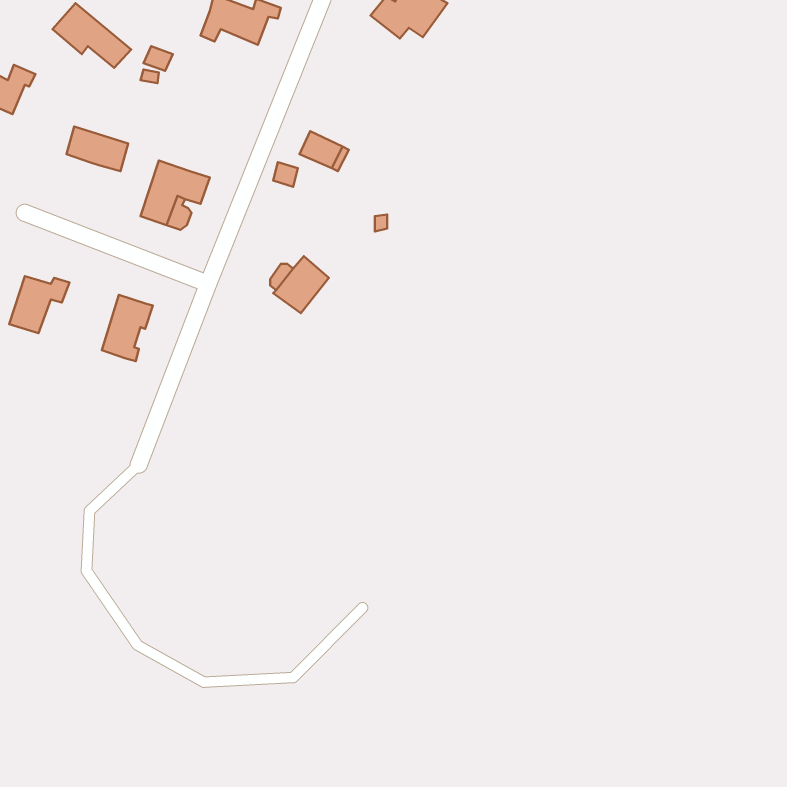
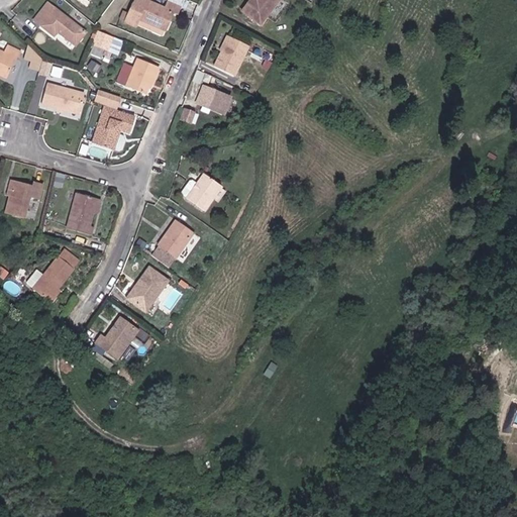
building: none -> [213,44,242,73]
building: none -> [127,59,160,92]
building: none -> [151,220,191,263]
building: none -> [32,250,79,304]
building: none -> [126,267,166,311]
building: none -> [89,317,133,357]

